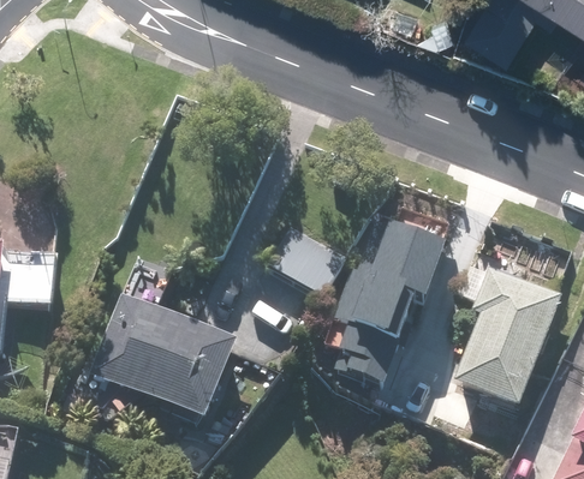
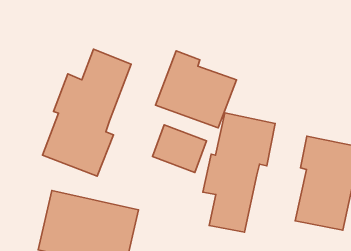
building: none -> [43,49,131,176]
building: none -> [156,51,237,128]

